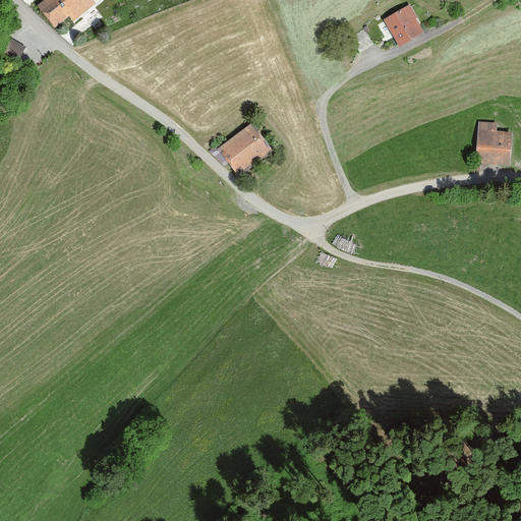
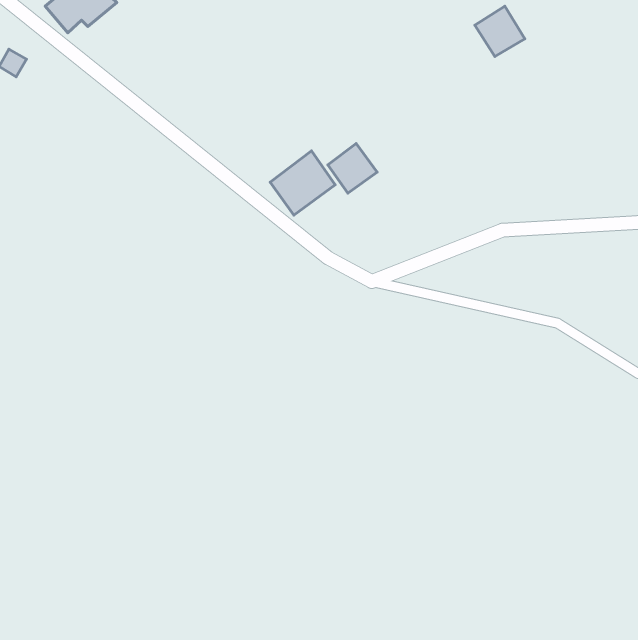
building: none -> [328,143,377,193]
building: [471,121,513,165] -> none

